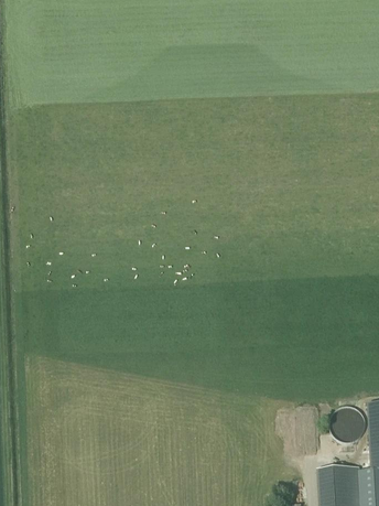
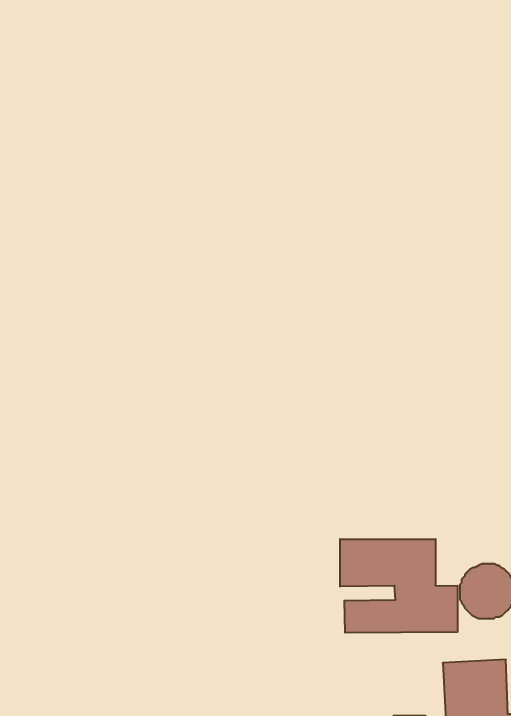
building: none -> [340,539,458,633]

